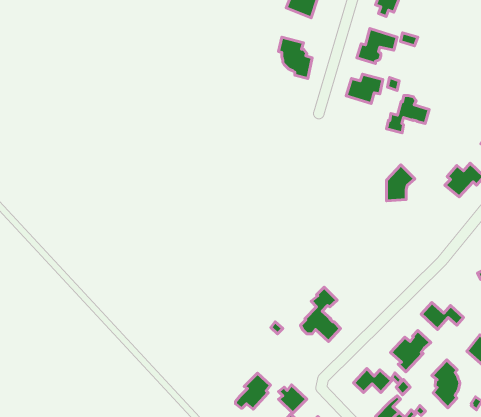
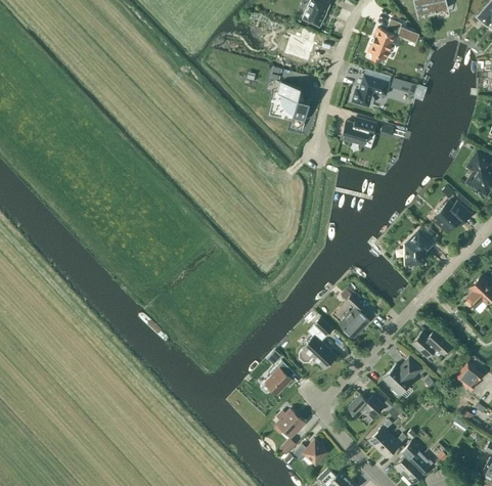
building: [386,95,429,133] -> none
building: [387,165,415,201] -> [405,230,432,264]
building: none -> [339,294,369,338]
building: [432,360,460,408] -> none
building: [236,373,270,409] -> [261,360,294,394]

